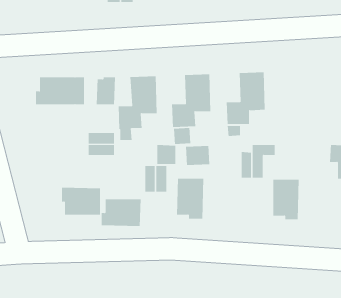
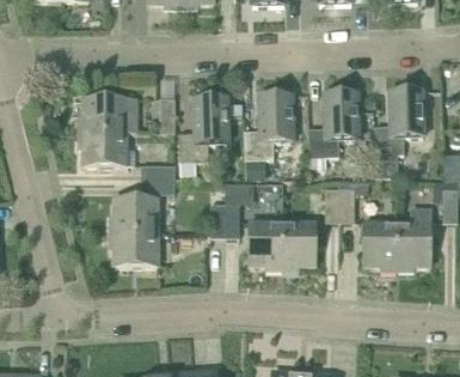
building: none -> [375,89,422,177]
building: none -> [79,130,127,164]
building: none -> [395,206,430,269]
building: none -> [281,219,315,268]
building: [101,199,141,227] -> [110,197,159,231]

